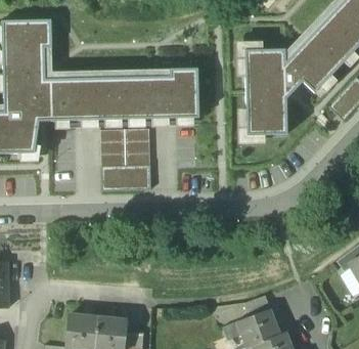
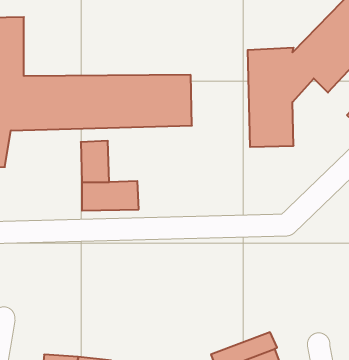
building: [124,129,149,165] -> none

